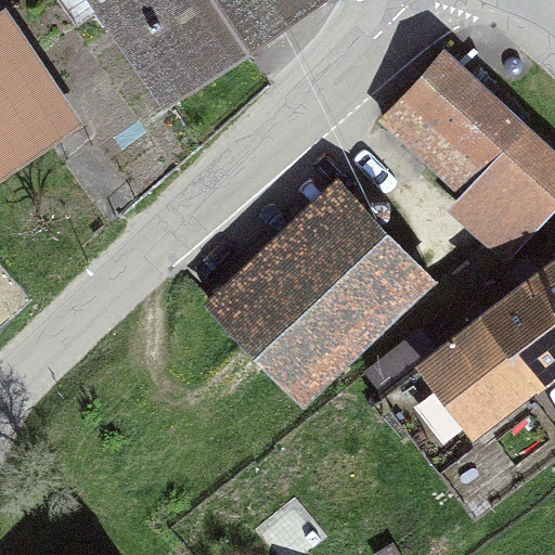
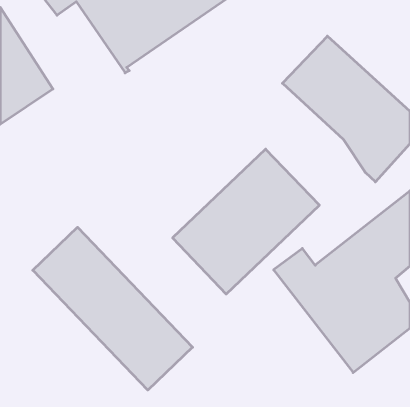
building: none -> [33,227,193,390]

